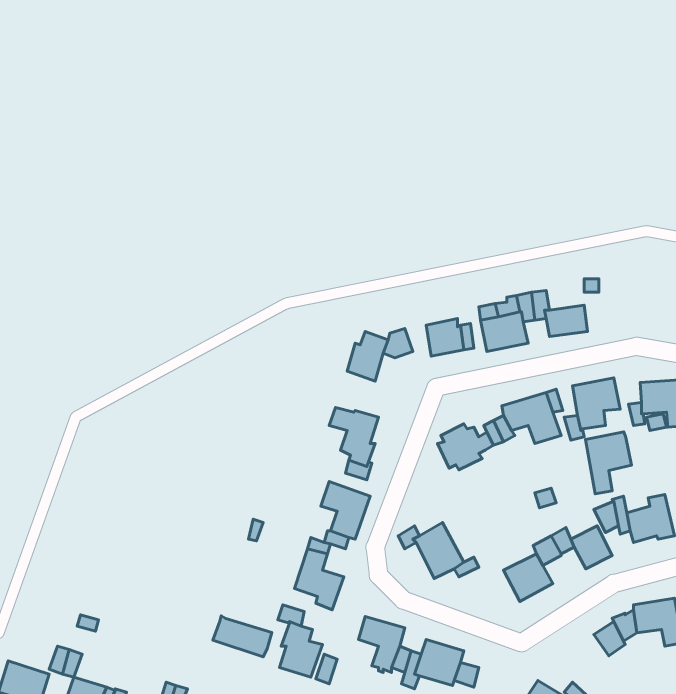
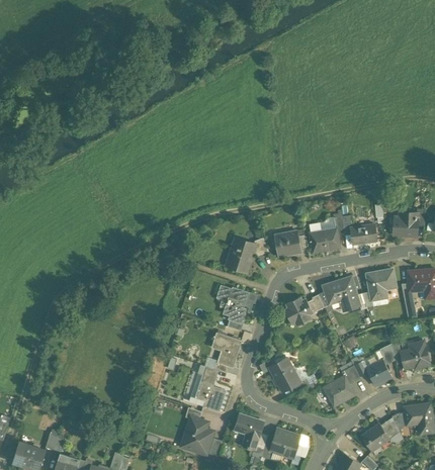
building: none -> [394,212,417,236]
building: [585,432,632,494] -> none
building: [213,616,272,657] -> none
building: none -> [361,424,388,451]

